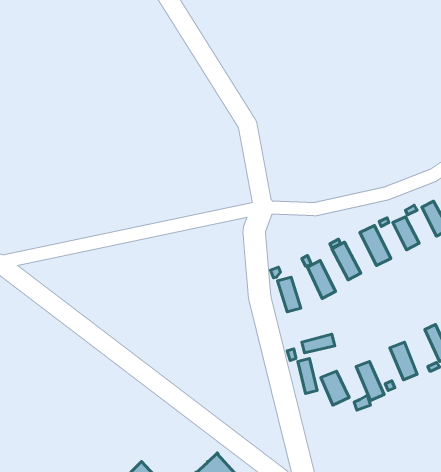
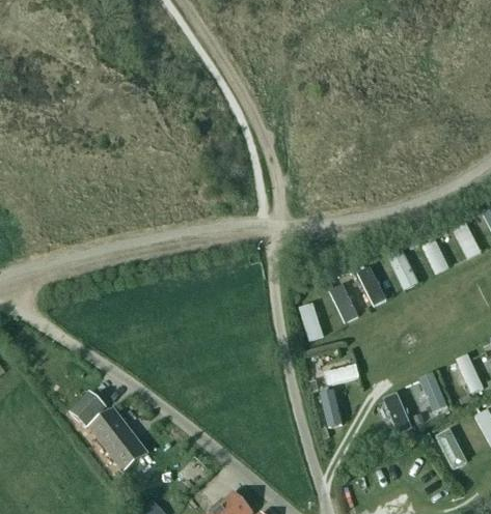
building: none -> [70,391,148,475]
building: [321,371,349,405] -> none
building: none -> [435,428,467,469]

